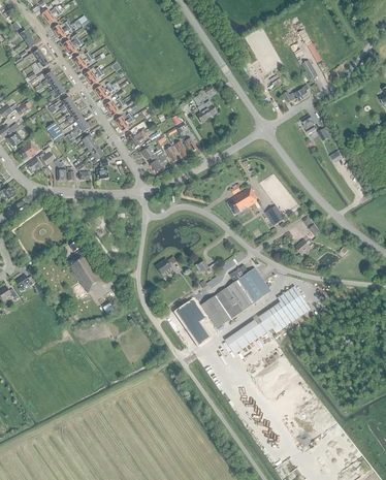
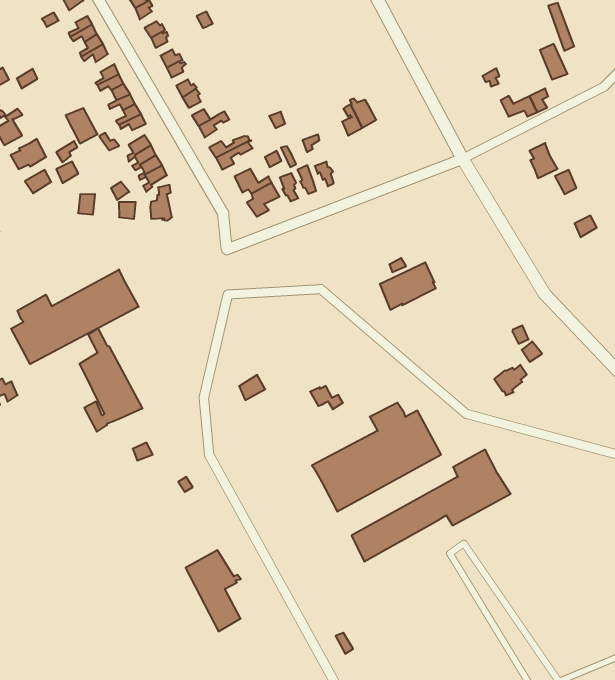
building: none -> [11,269,139,364]
building: [175,300,208,345] -> [186,550,241,631]

